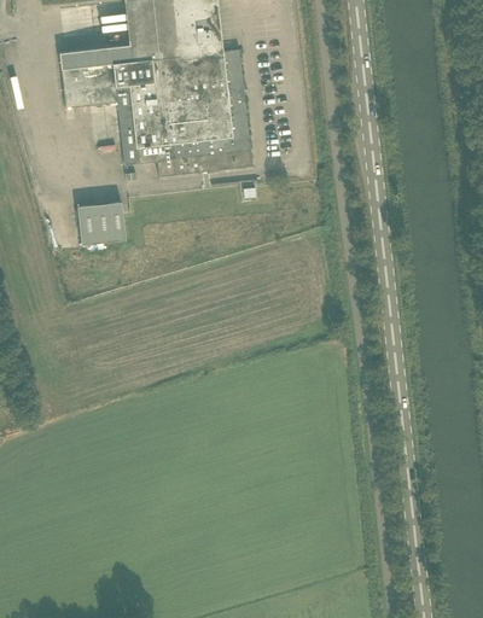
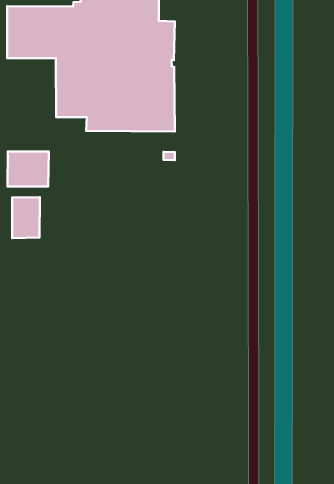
building: none -> [12,197,40,238]

